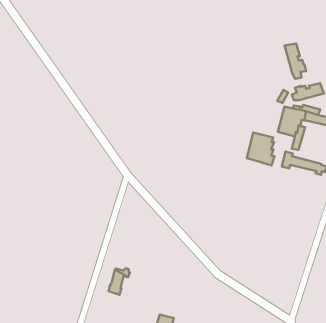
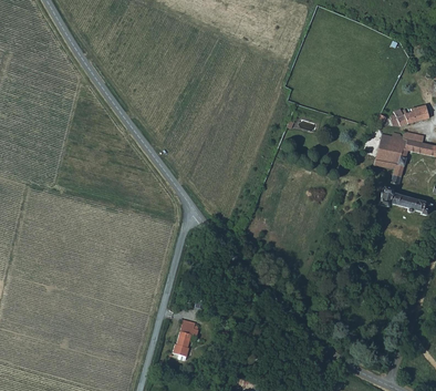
building: [285,43,306,79] -> none
building: [247,133,274,165] -> none

